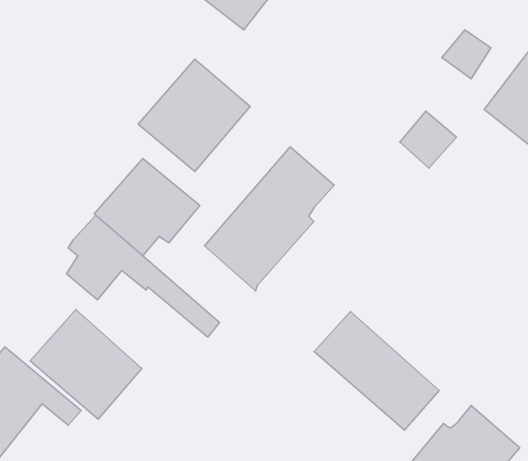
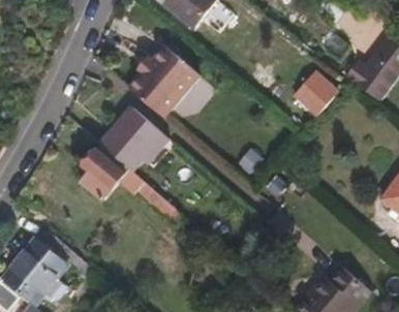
building: [205,147,334,291] -> none
building: [30,310,142,419] -> none
building: [314,312,439,430] -> none

